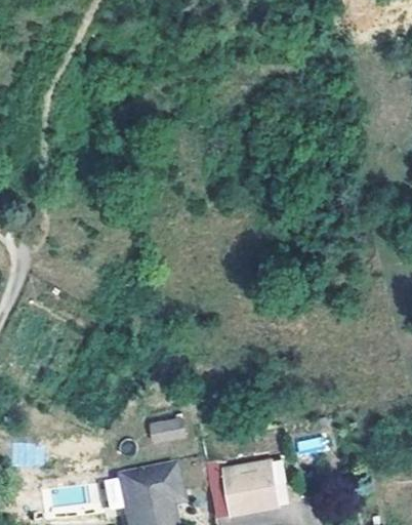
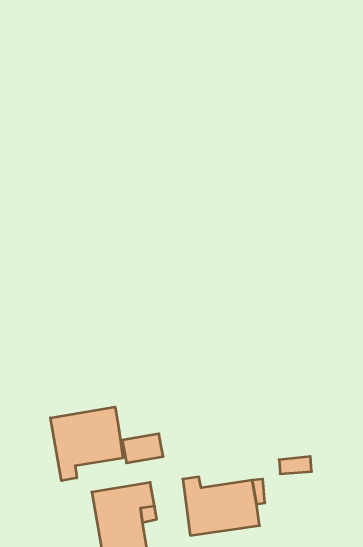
building: none -> [50,407,123,481]

